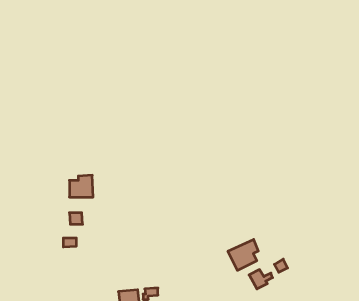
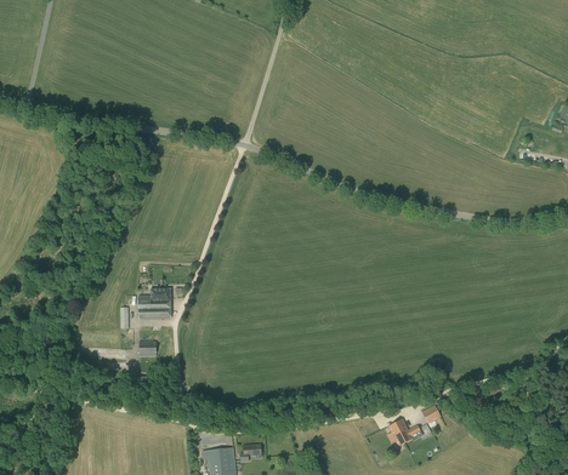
building: [228,239,258,270] -> none

